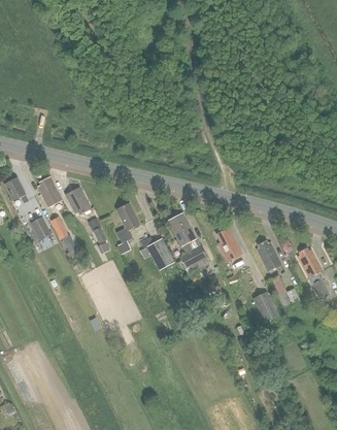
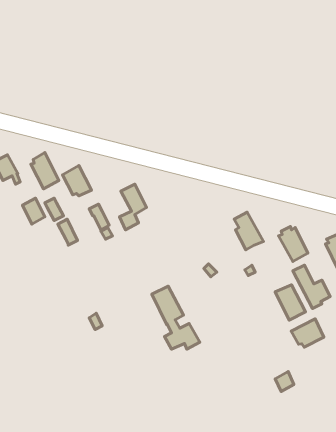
building: [168,212,210,268] -> [152,286,200,349]
building: [140,237,174,270] -> none
building: none -> [291,319,324,347]

